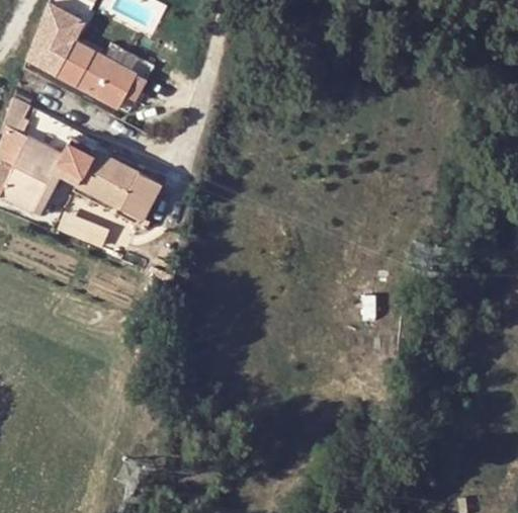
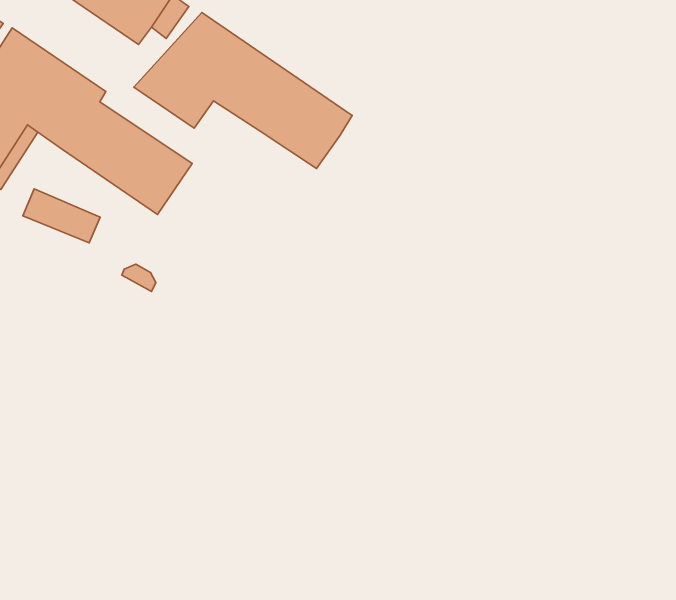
building: none -> [134,12,352,168]

